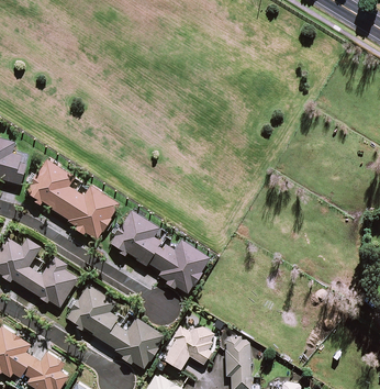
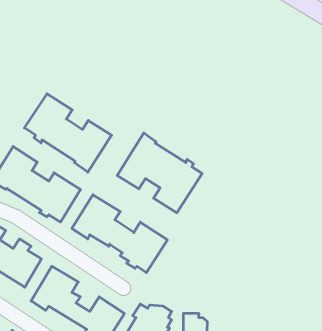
building: none -> [24,94,112,172]
building: none -> [117,133,202,213]

